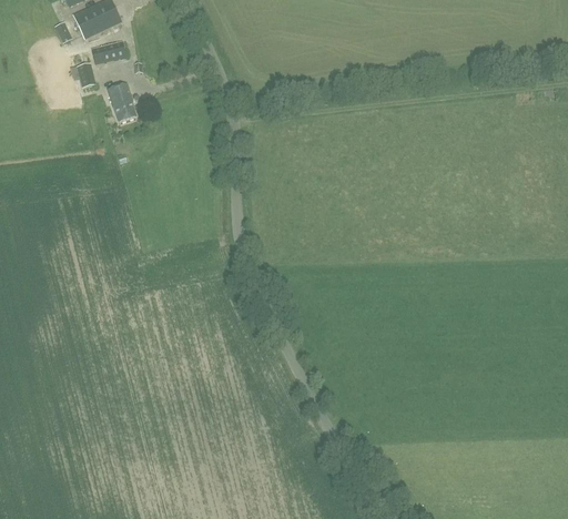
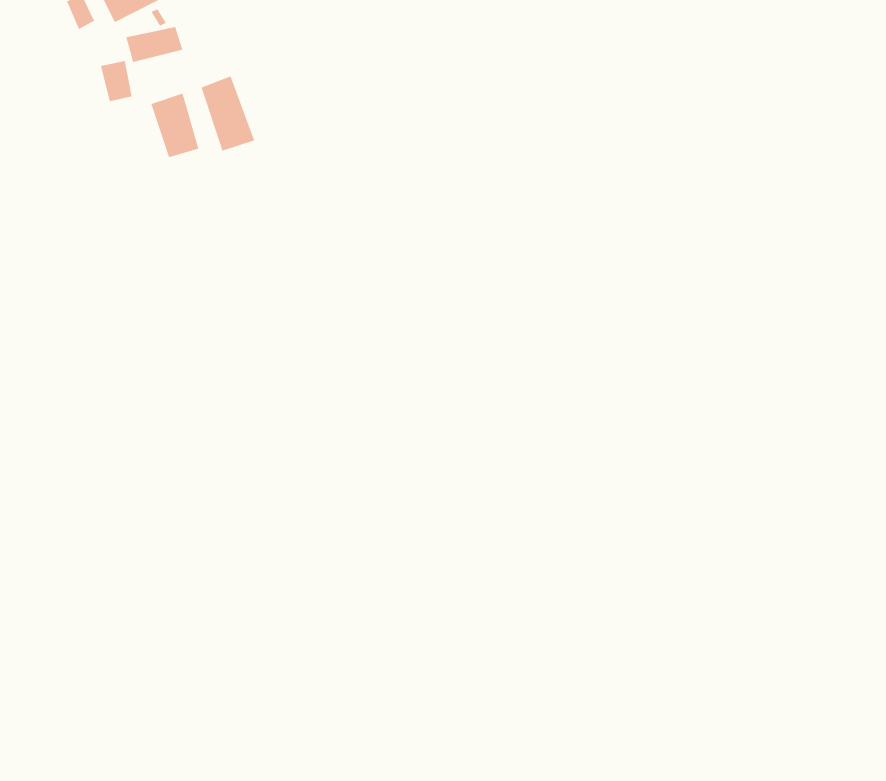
building: none -> [201,76,255,152]

